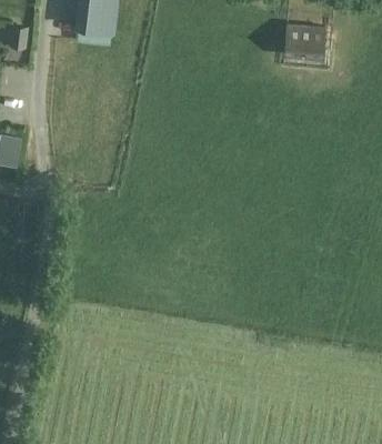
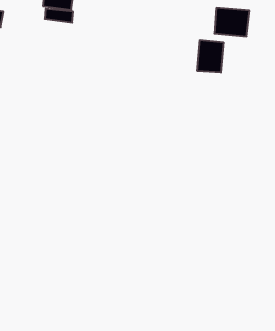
building: none -> [197,40,223,73]

